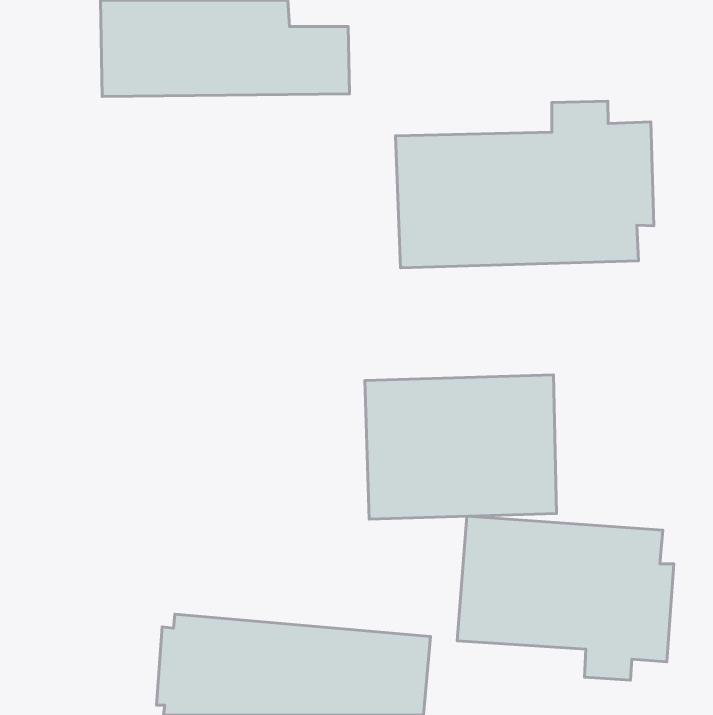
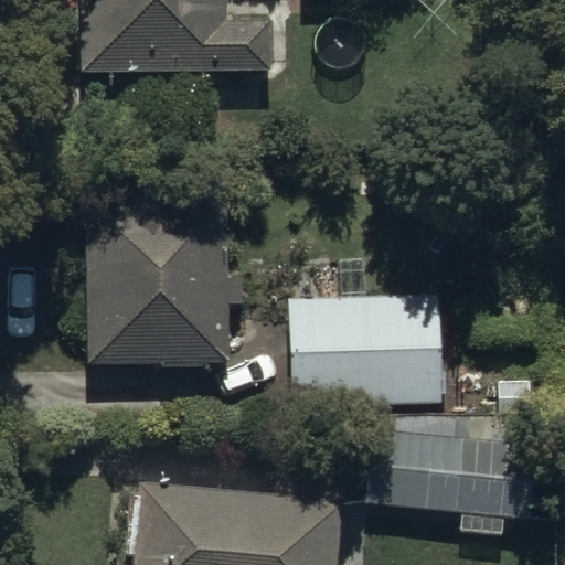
building: [395,101,654,268] -> none
building: none -> [89,188,243,366]

